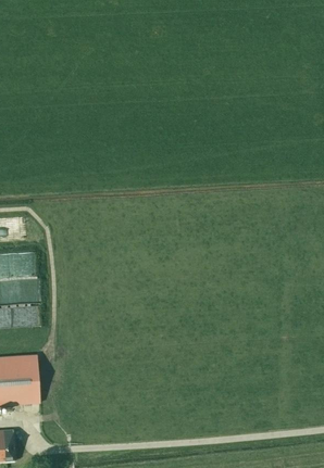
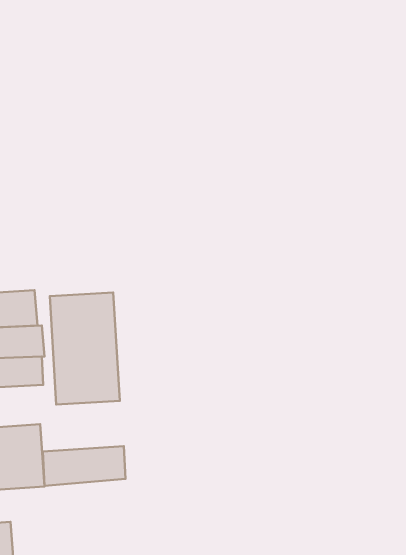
building: none -> [50,292,120,405]
building: none -> [43,446,125,486]

